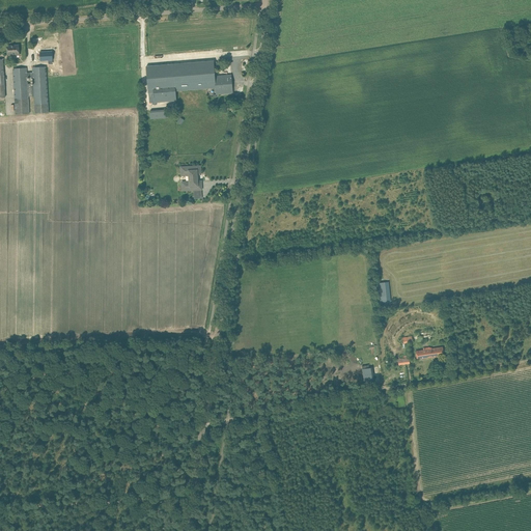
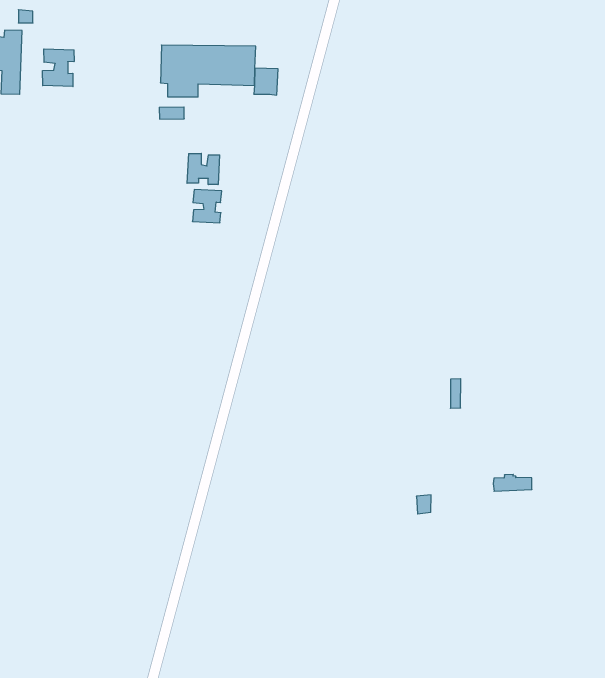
building: none -> [43,49,74,87]
building: none -> [187,153,220,185]

